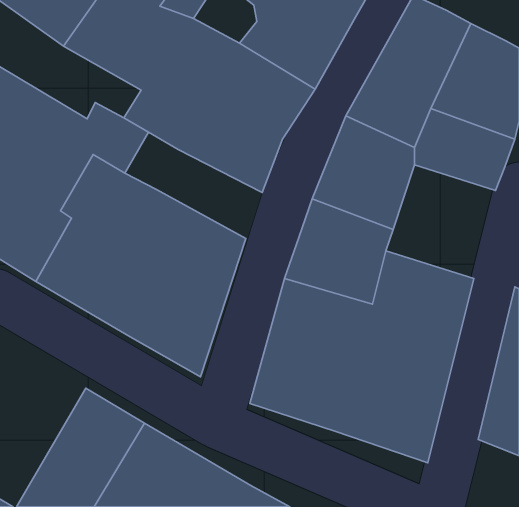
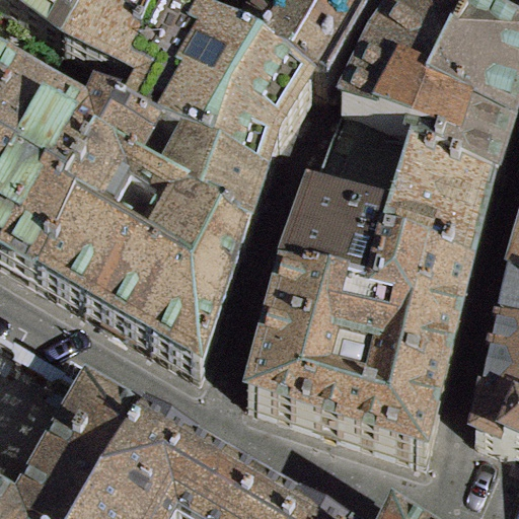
building: none -> [155,148,260,236]
building: none -> [382,163,491,276]

